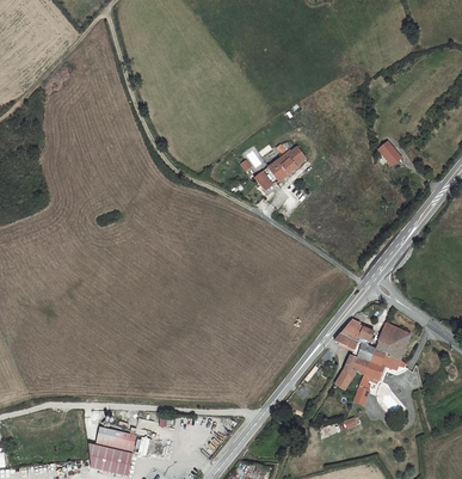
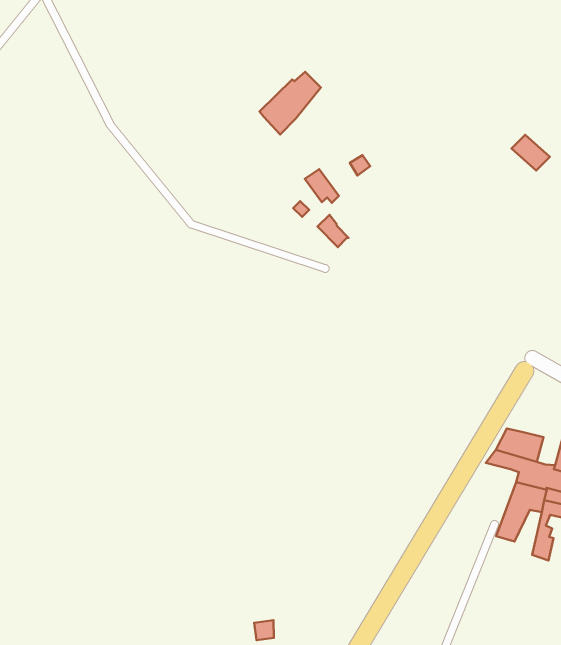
building: [267,149,307,185] -> [259,72,321,134]

